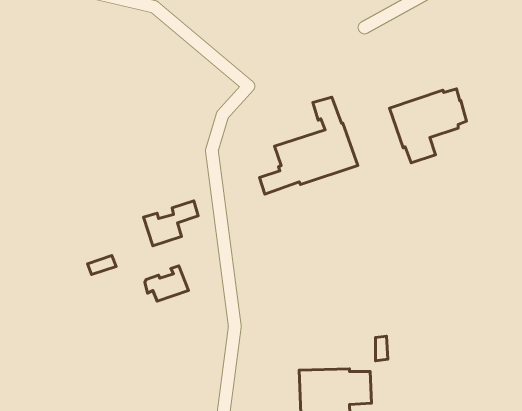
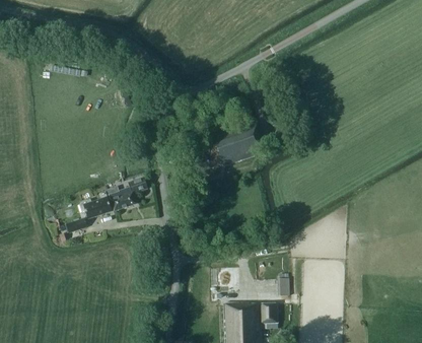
building: [389,89,466,163] -> none
building: [145,266,188,301] -> [79,193,112,219]

